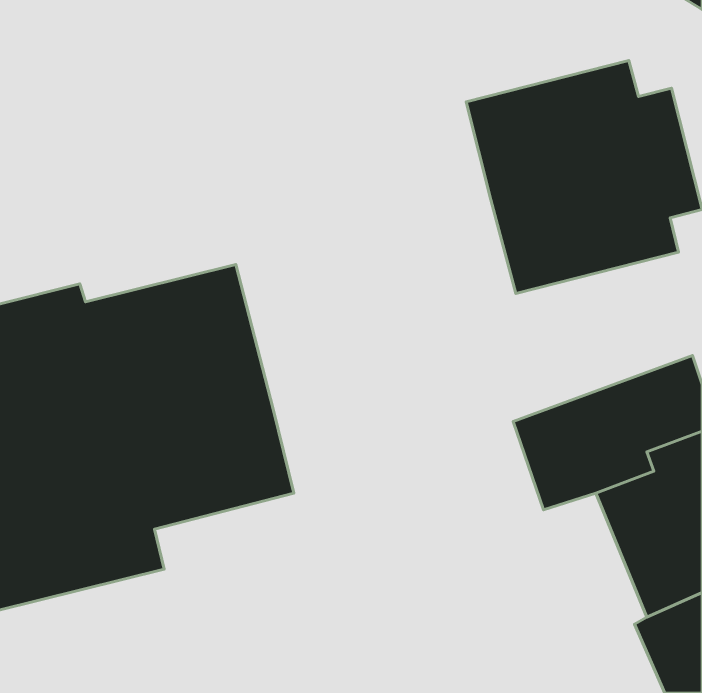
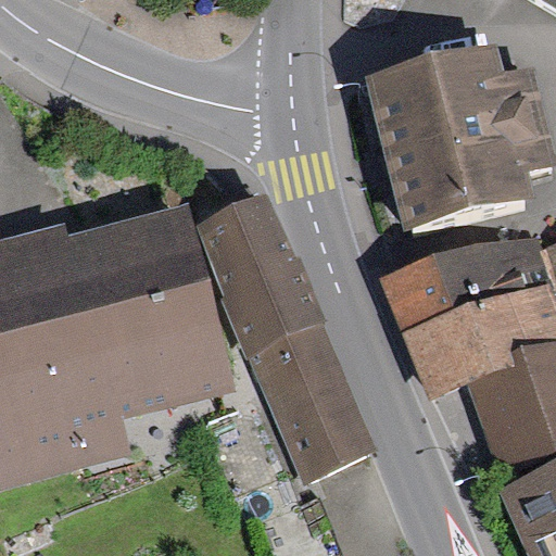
building: none -> [192,193,377,481]
building: none -> [382,235,545,332]

